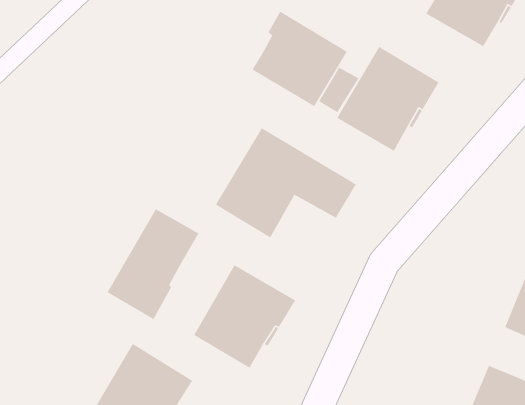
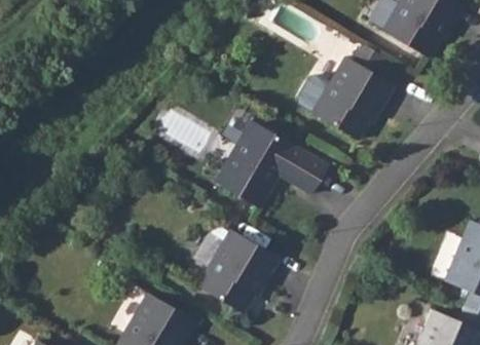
building: [252,11,348,107] -> none
building: [106,208,199,320] -> none

